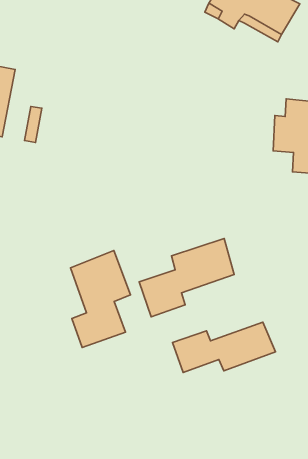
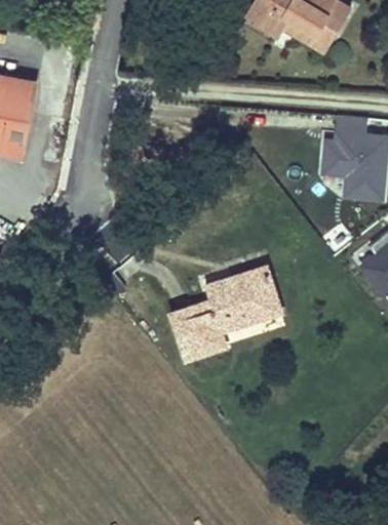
building: [71,250,131,348] -> none
building: [172,322,276,373] -> none

